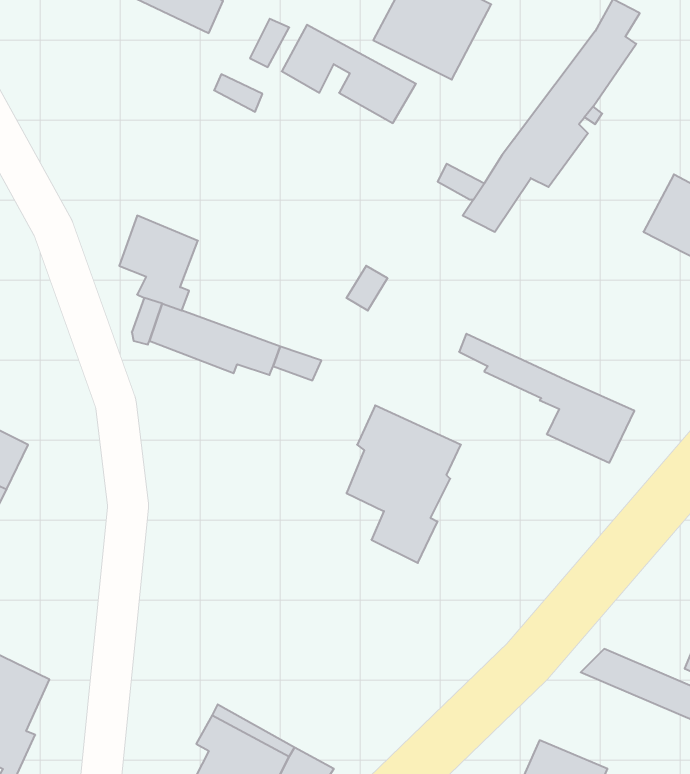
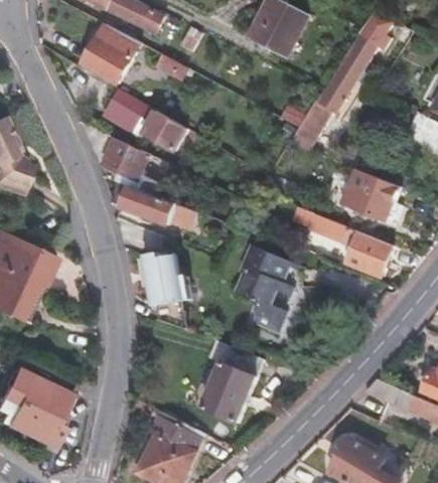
building: none -> [83,26,138,80]
building: [282,25,416,123] -> [113,92,188,147]
building: none -> [340,164,400,217]
building: none -> [141,250,188,305]
building: none -> [204,339,262,425]

